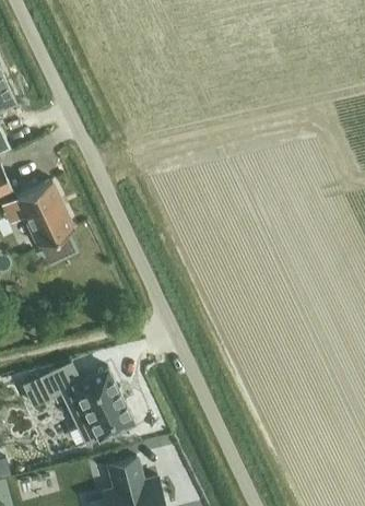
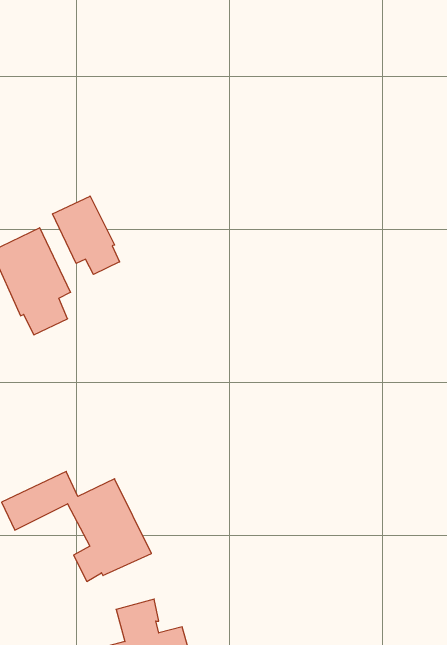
building: none -> [53,196,120,274]

